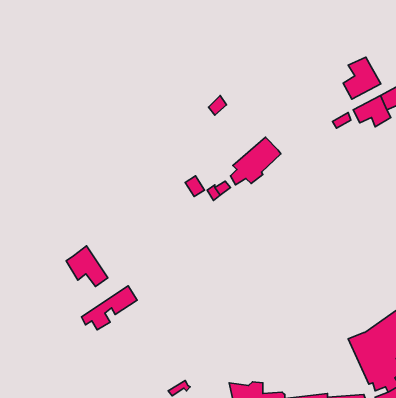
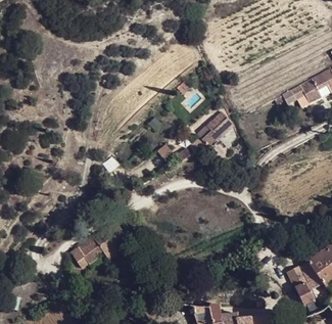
building: [343,57,381,99] -> none
building: [66,246,108,287] -> none

